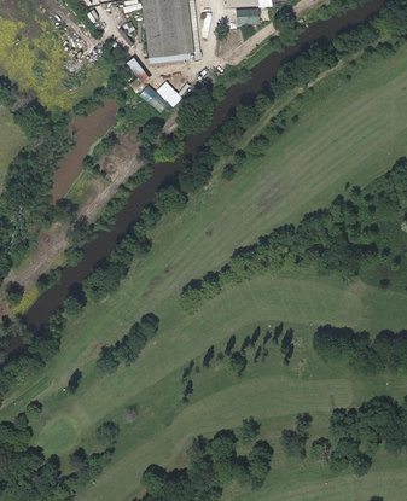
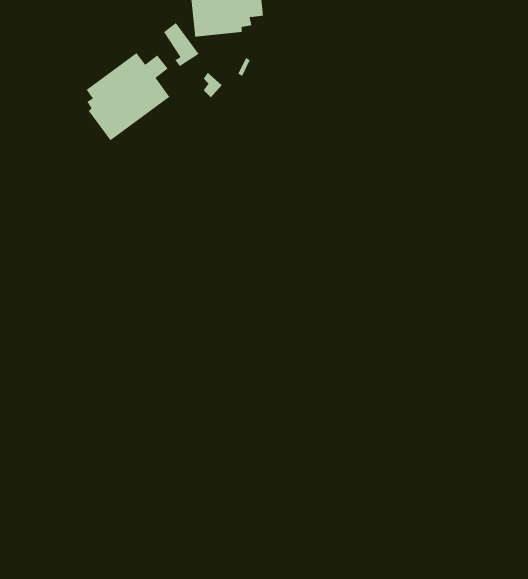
building: none -> [86,52,170,141]

